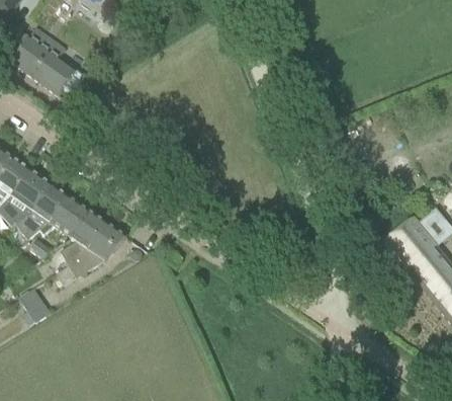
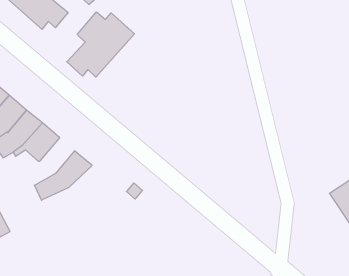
building: none -> [67,12,134,77]
building: [60,210,106,263] -> none

